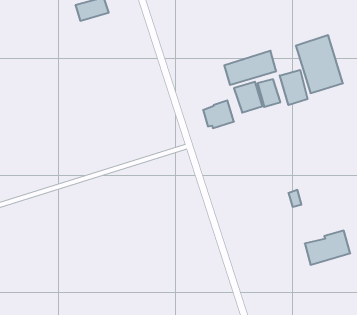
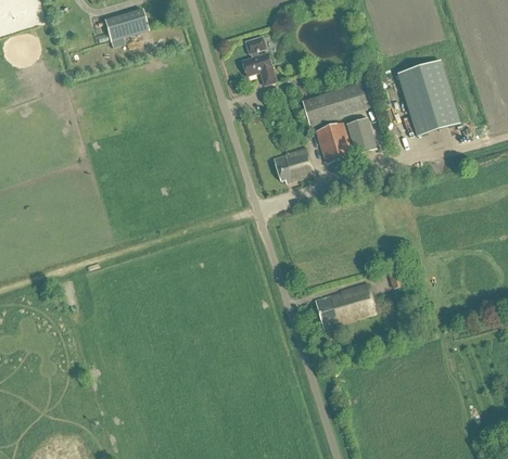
building: none -> [242,37,277,86]
building: [280,70,308,105] -> none
building: [305,231,350,265] -> [315,282,376,328]

